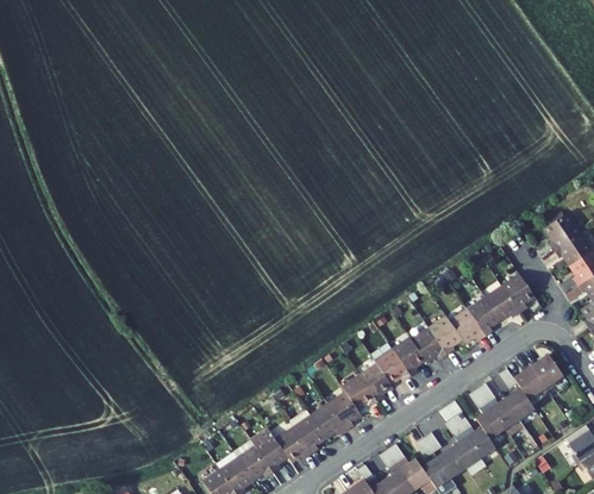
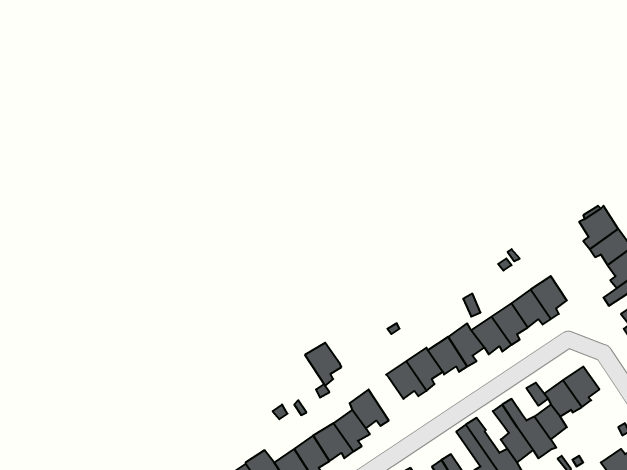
building: [359,363,392,401] -> [305,343,341,386]

